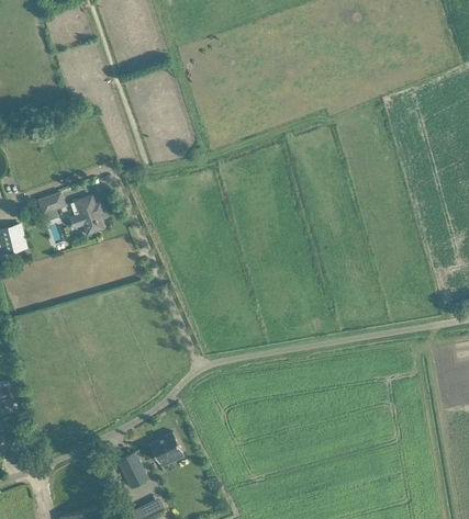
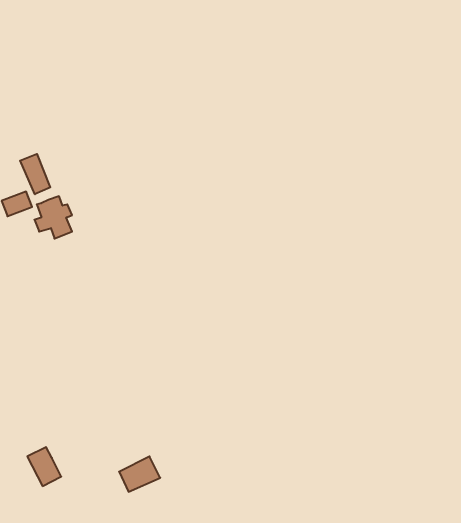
building: none -> [20,154,50,194]
building: [115,451,147,487] -> [27,447,61,486]

